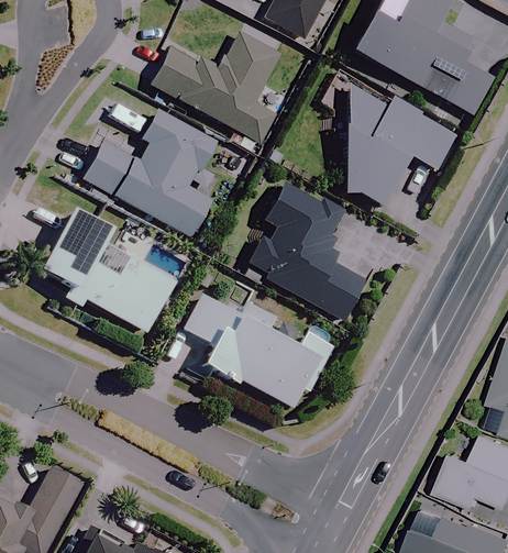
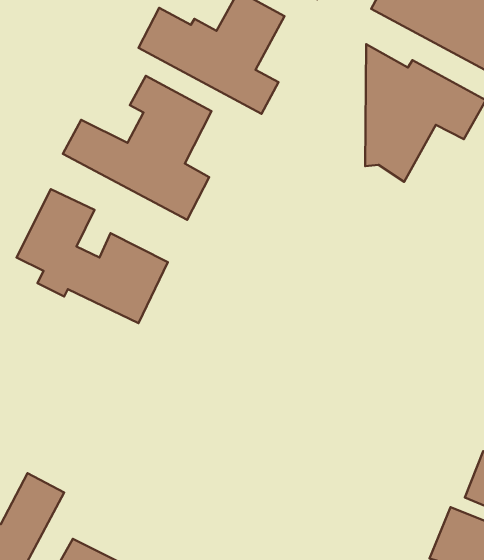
building: [243,185,365,322] -> none
building: [188,291,341,406] -> none

